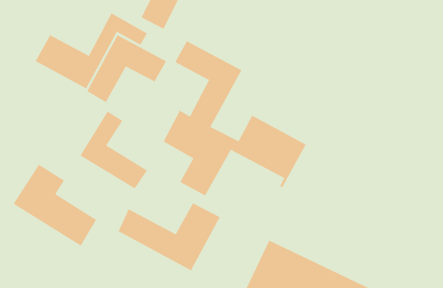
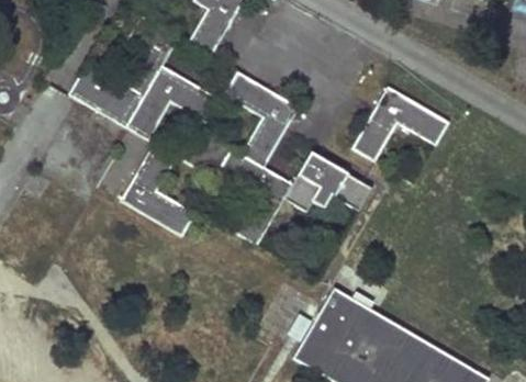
building: none -> [356,89,450,162]
building: [13,164,97,246] -> none
building: [118,203,221,271] -> none

